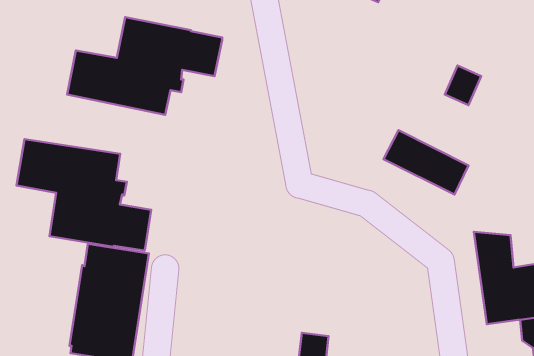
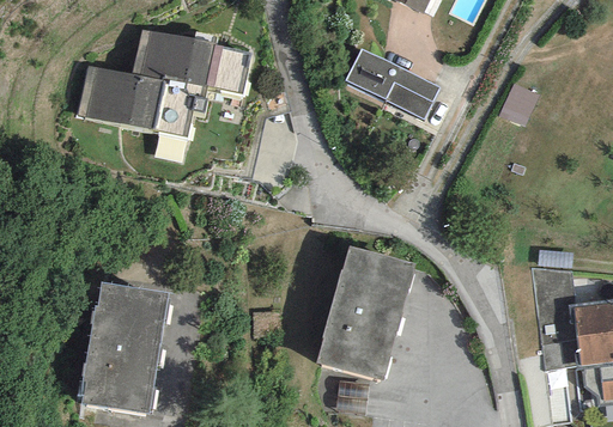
building: [384,130,469,195] -> [345,48,439,120]
building: [17,139,151,250] -> none
building: none -> [317,245,414,380]

